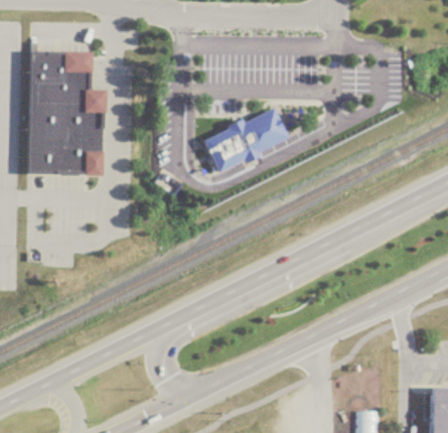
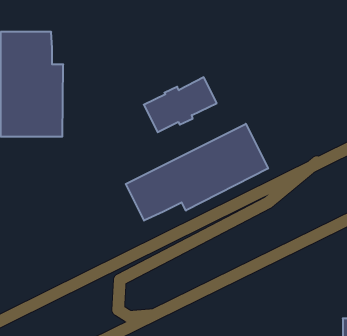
building: none -> [126,124,268,221]

